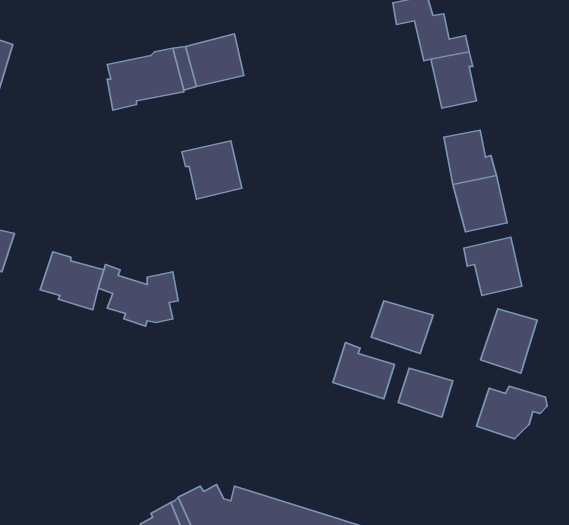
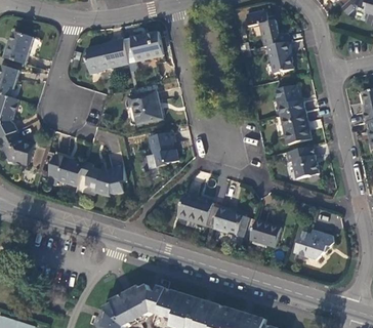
building: none -> [150,132,178,166]
building: [371,301,433,353] -> [178,194,213,223]
building: [480,309,537,373] -> none

